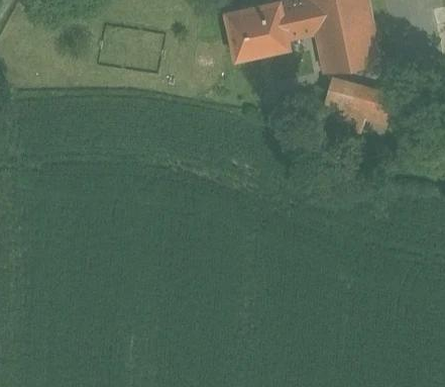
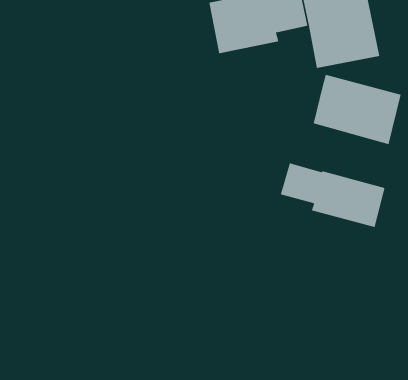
building: none -> [280,163,385,228]

